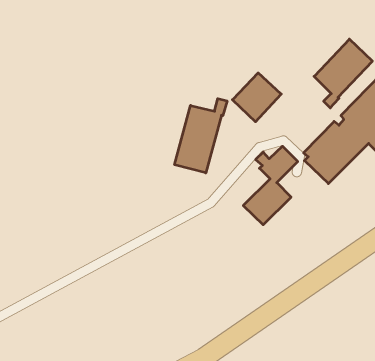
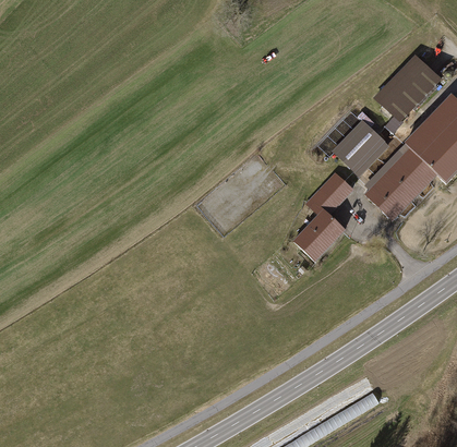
building: [232,73,281,122] -> [333,121,388,177]
building: [175,99,227,173] -> none

